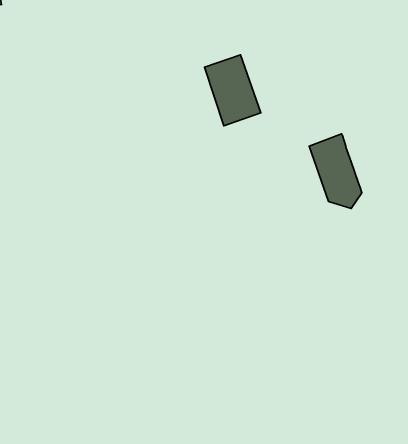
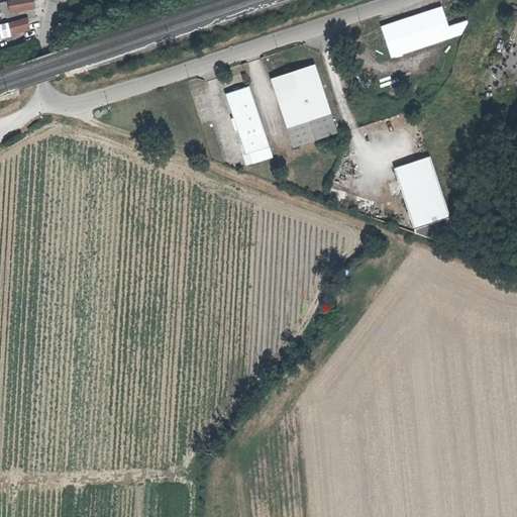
building: none -> [378,6,469,58]
building: none -> [225,87,269,153]

